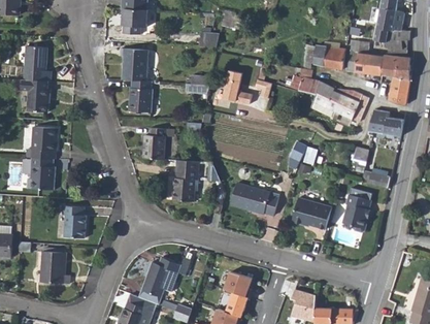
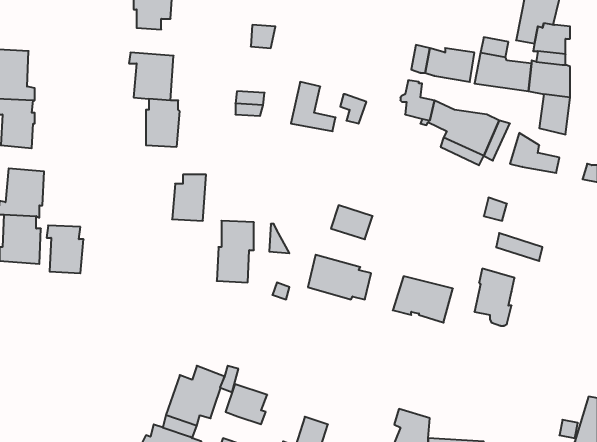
building: [292,140,320,163] -> [331,205,373,239]
building: [62,208,87,240] -> [47,225,84,273]
building: [40,254,69,286] -> none
building: [225,271,253,298] -> [226,384,267,424]

